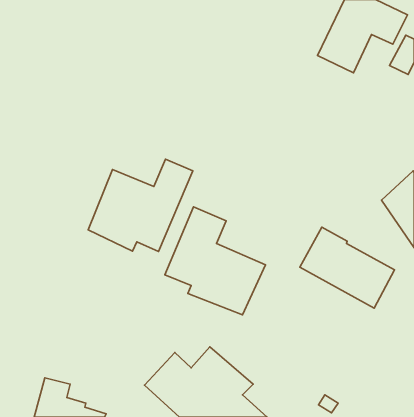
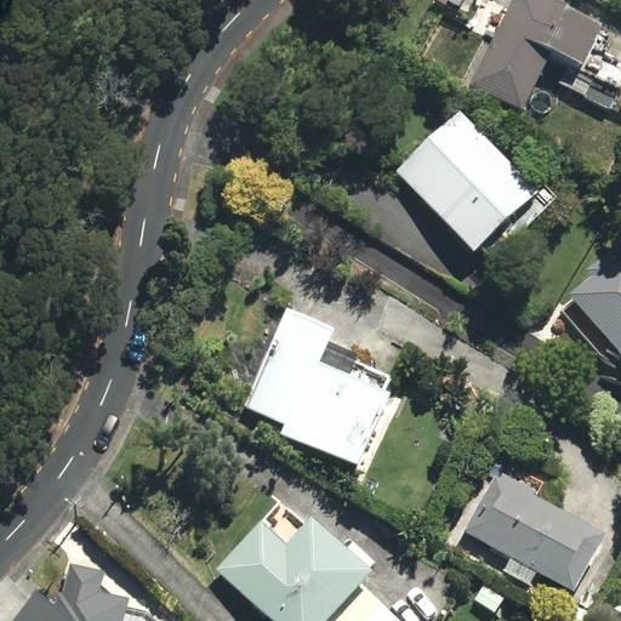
building: none -> [394,108,539,252]
building: [88,159,193,251] -> none
building: [300,227,395,308] -> [465,471,605,591]

